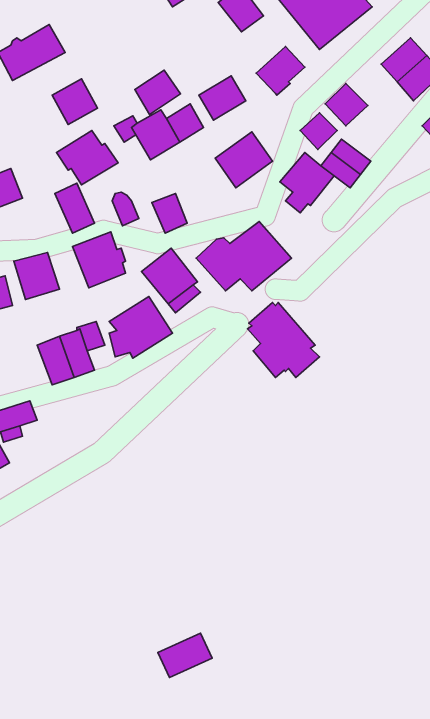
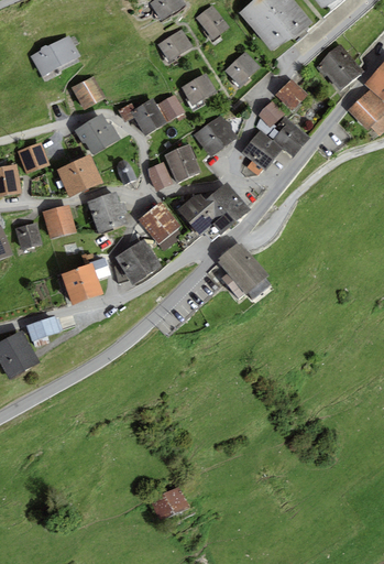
building: [135,70,180,114] -> [157,29,191,62]
building: none -> [164,143,201,183]
building: none -> [55,161,86,198]

